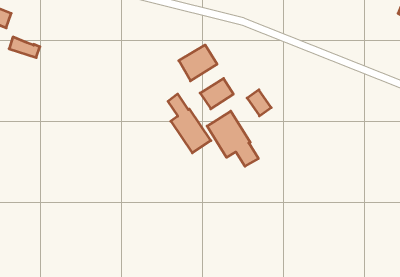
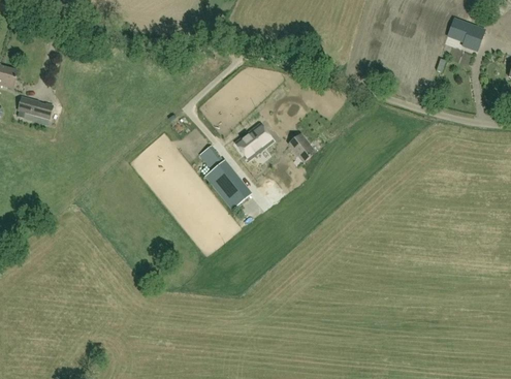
building: [179,45,217,81] -> none
building: [207,111,258,166] -> none

